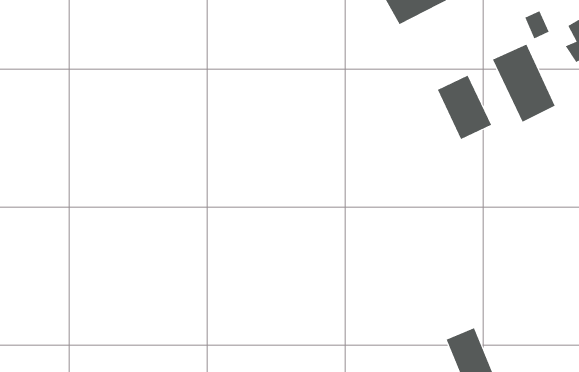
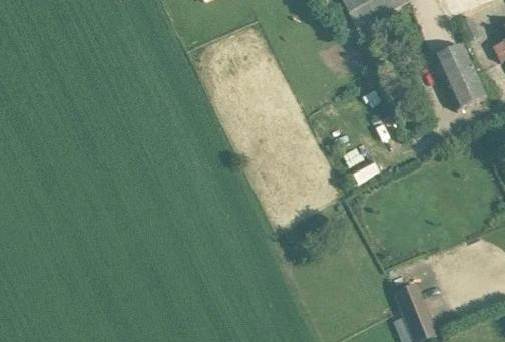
building: [437,75,492,140] -> none

